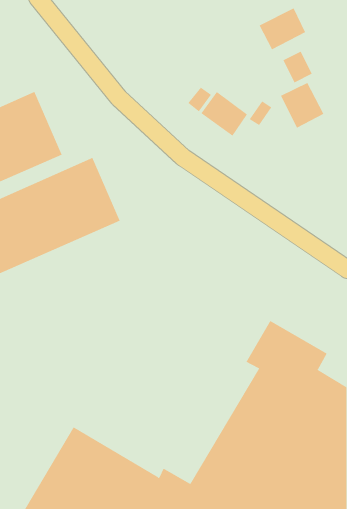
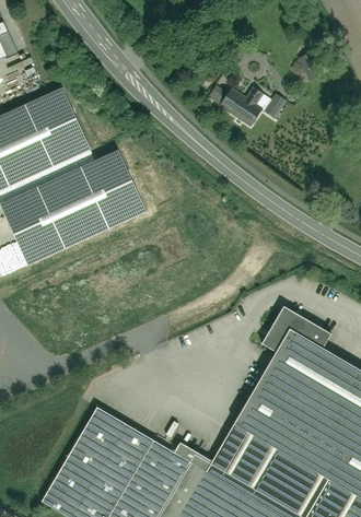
building: [259,8,306,50] -> none
building: [280,82,324,128] -> none

